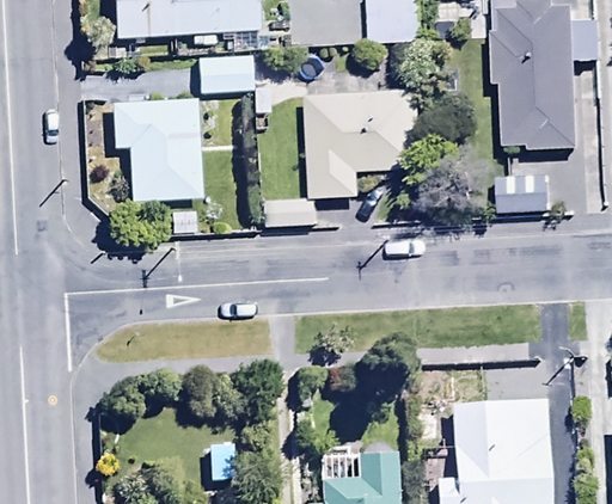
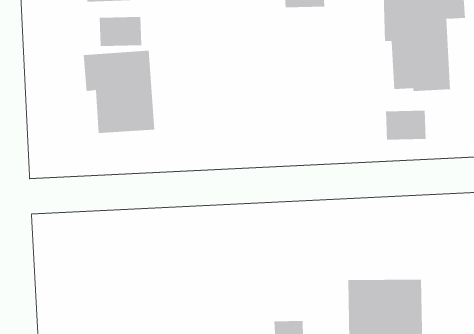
building: [197,54,252,92] -> [99,17,142,47]
building: [267,93,428,228] -> none

